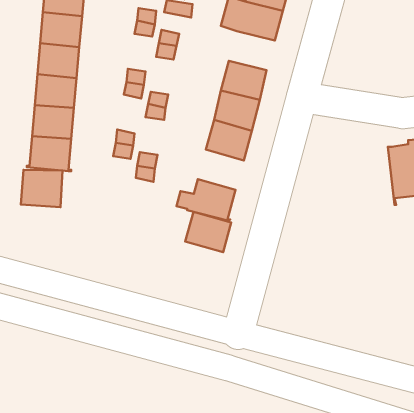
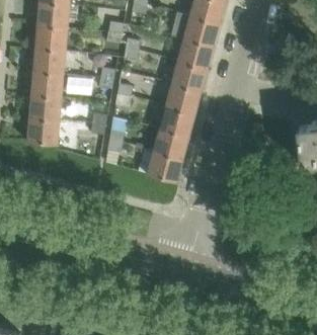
building: none -> [177,43,212,72]
building: [21,170,63,207] -> none
building: [185,212,231,252] -> [154,132,188,162]

